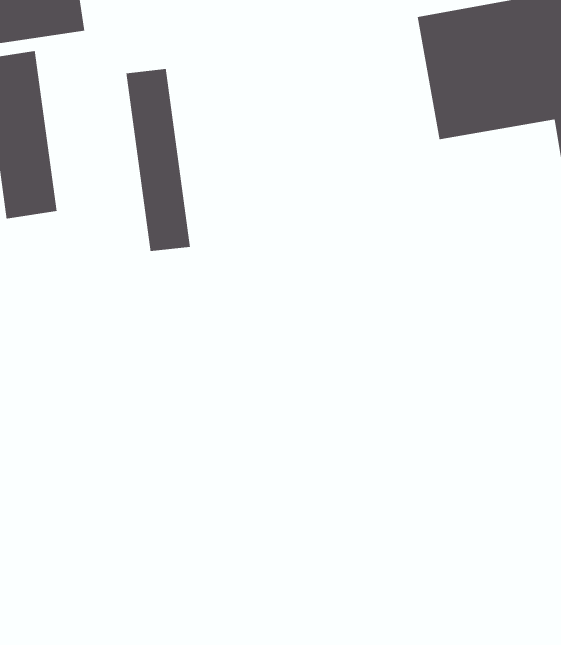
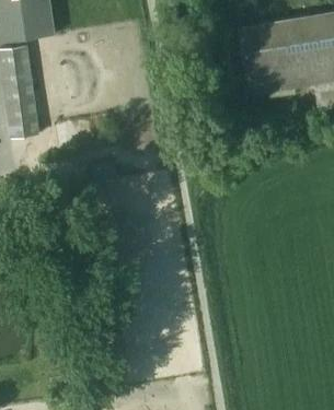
building: [126,68,190,252] -> none

